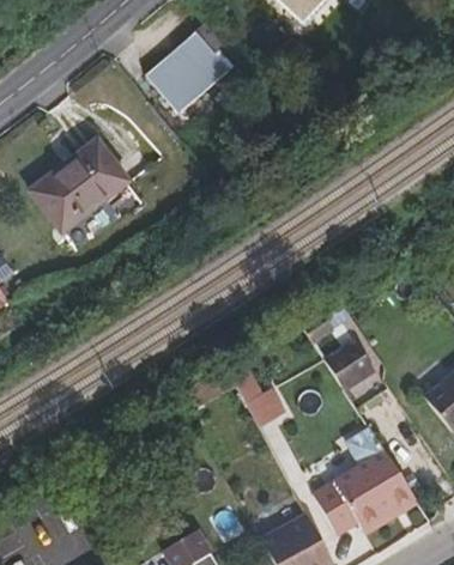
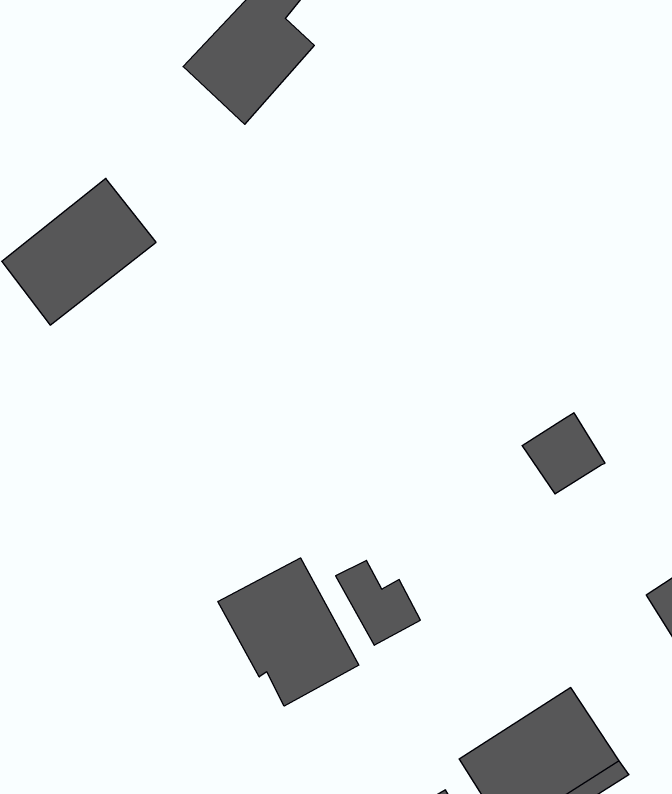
building: [322,338,374,388] -> [522,413,605,494]
building: none -> [218,558,359,706]

